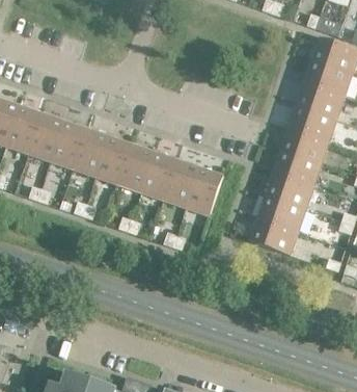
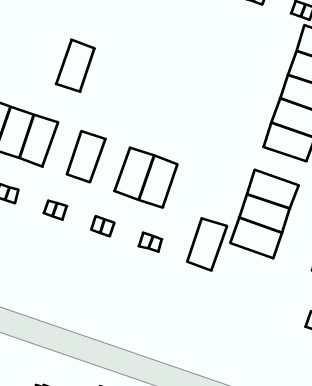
building: [73,127,109,176] -> [56,40,95,92]
building: [117,142,155,191] -> none
building: [272,150,321,186] -> none
building: [186,166,223,215] -> [187,218,227,270]

